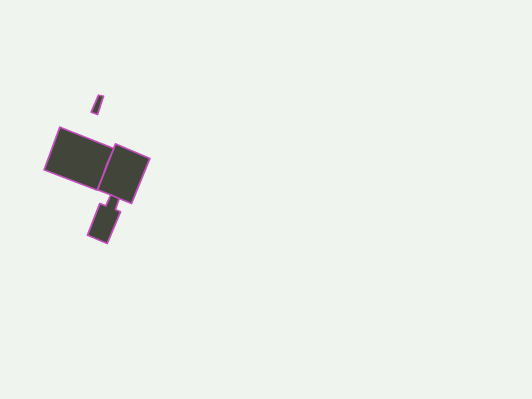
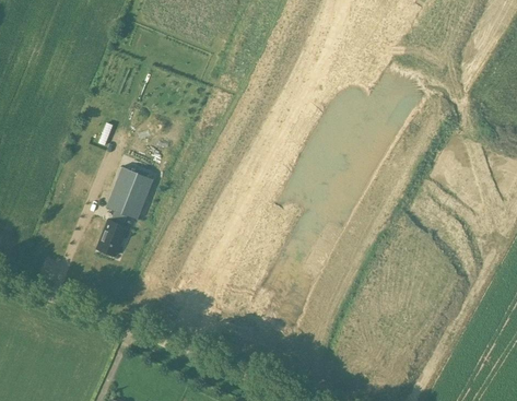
building: [44,127,114,190] -> none

